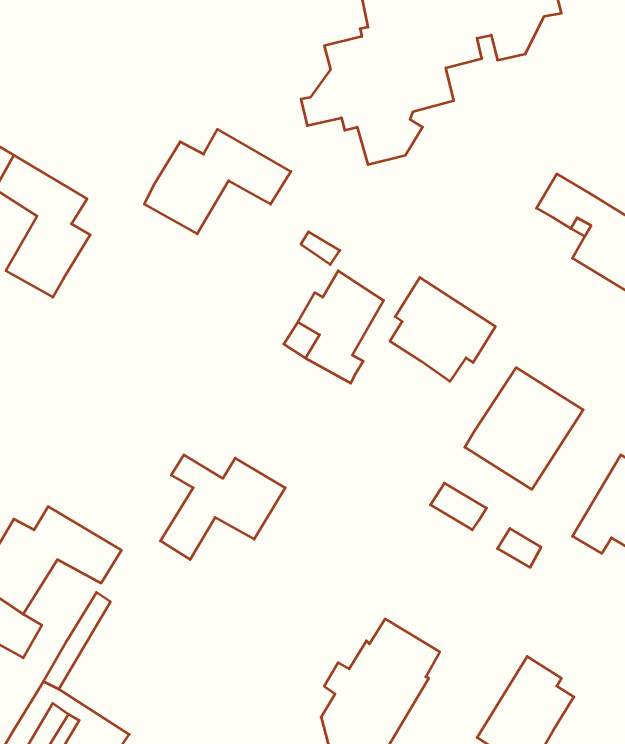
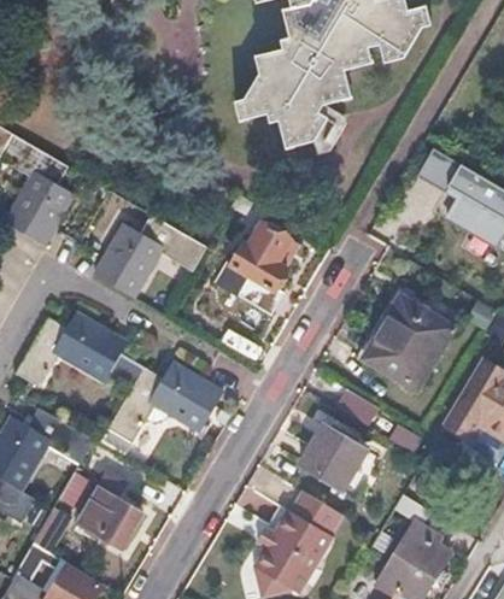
building: [144,129,291,234] -> [95,216,209,296]
building: [390,277,495,381] -> none
building: none -> [33,321,145,394]
building: none -> [297,428,363,493]
building: none -> [78,469,143,546]

